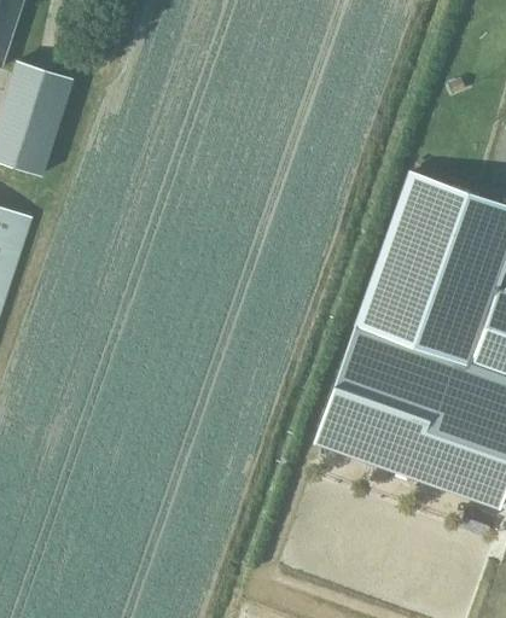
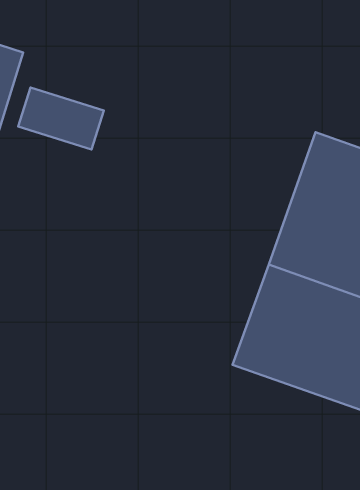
building: none -> [18,87,104,150]

